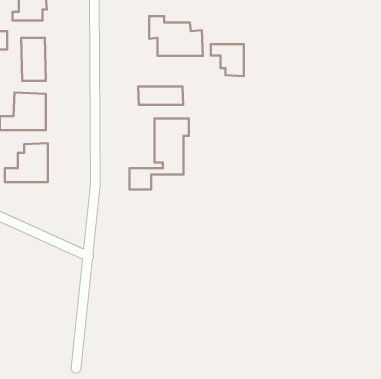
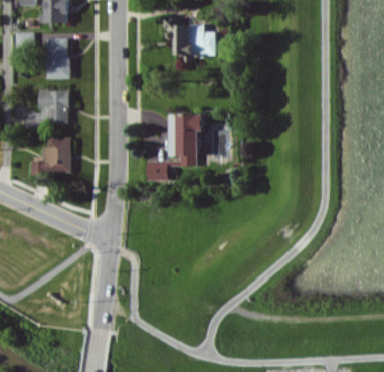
building: [211,44,244,76] -> none
building: [138,86,183,105] -> none

